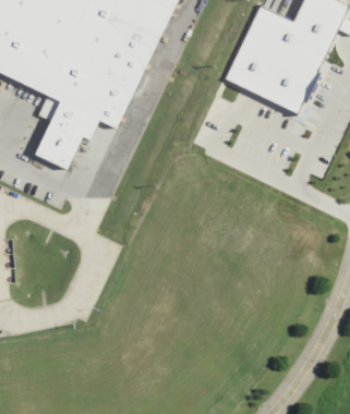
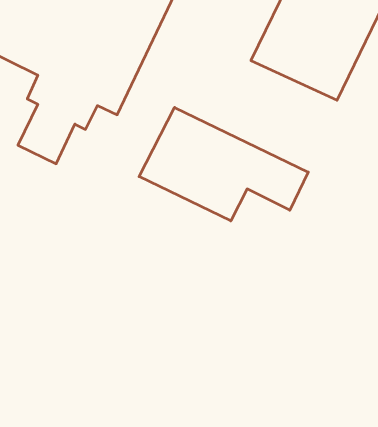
building: none -> [139,107,308,221]

